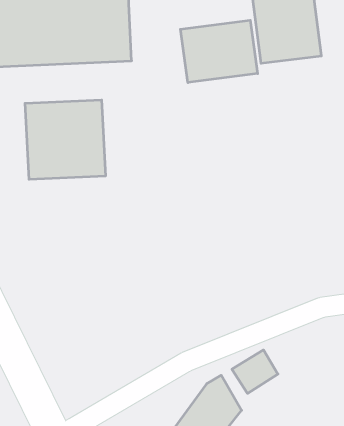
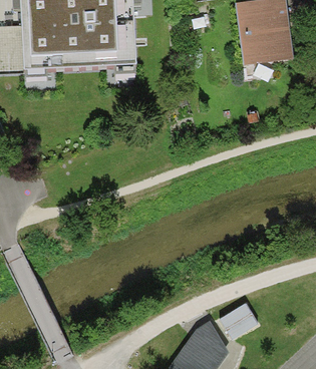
building: [180,20,258,83] -> none
building: [25,100,105,179] -> none

